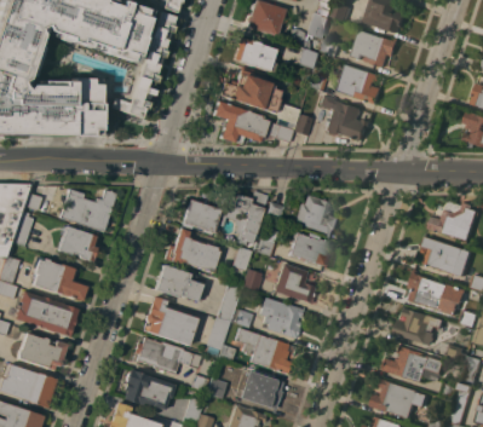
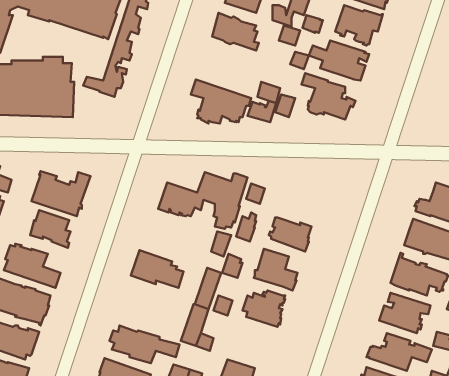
building: [220,68,283,114] -> none
building: [295,196,341,236] -> none
building: [166,229,222,273] -> none
building: [145,299,199,347] -> none
building: [236,329,293,375] -> none

